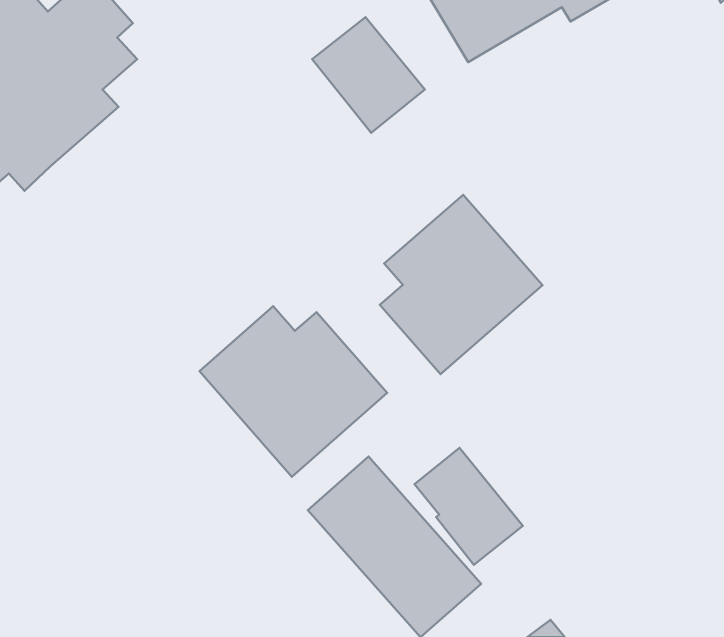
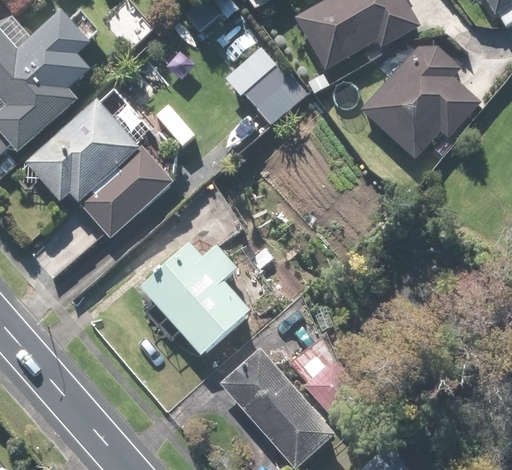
building: none -> [359,46,479,160]
building: none -> [24,85,192,241]
building: [380,195,542,374] -> none

